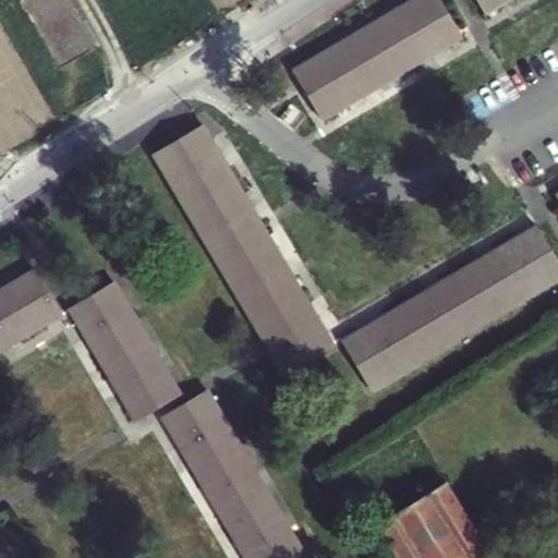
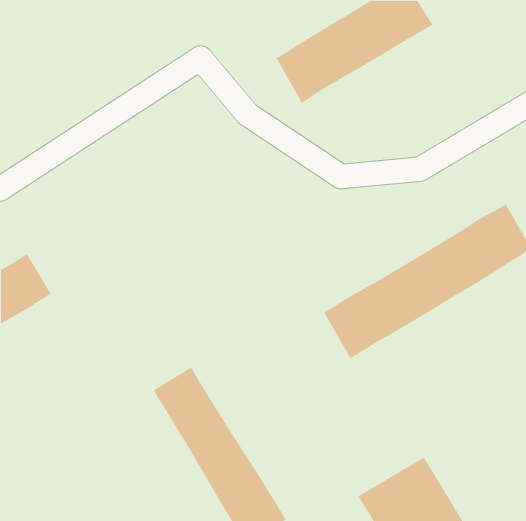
building: [157,126,330,372] -> none
building: [69,286,180,424] -> none

